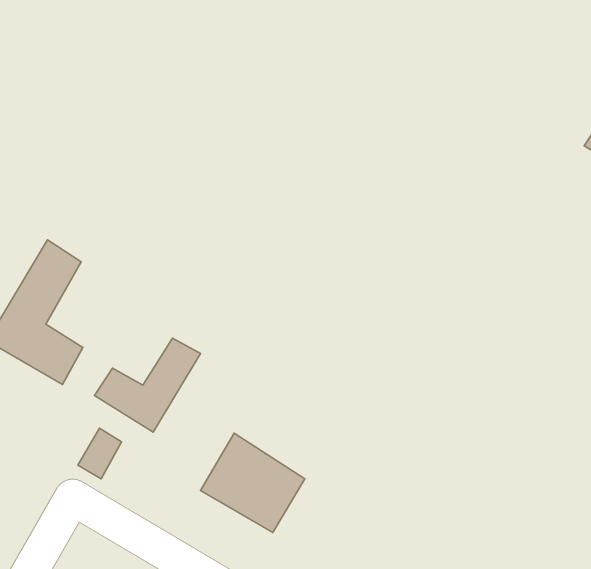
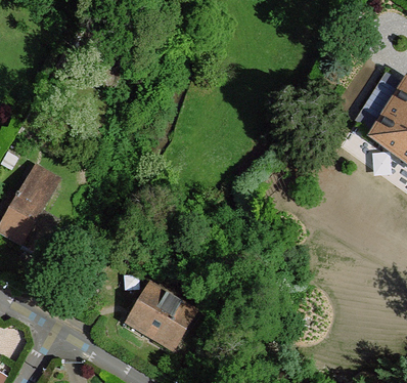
building: [94,338,200,432] -> none

